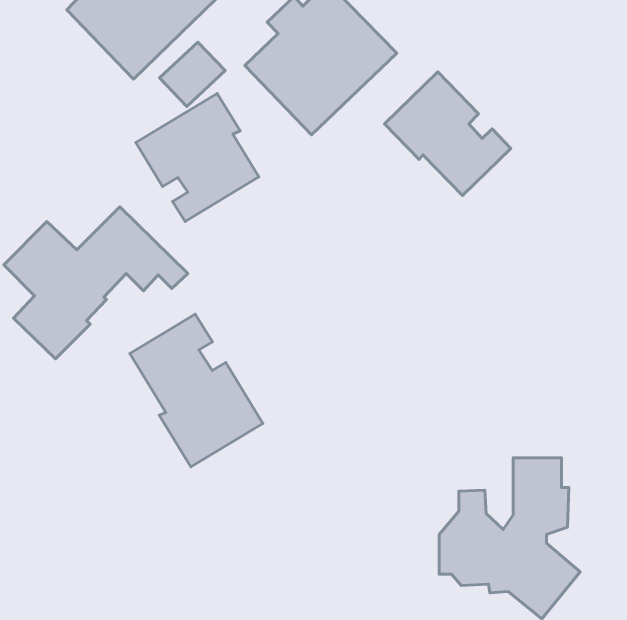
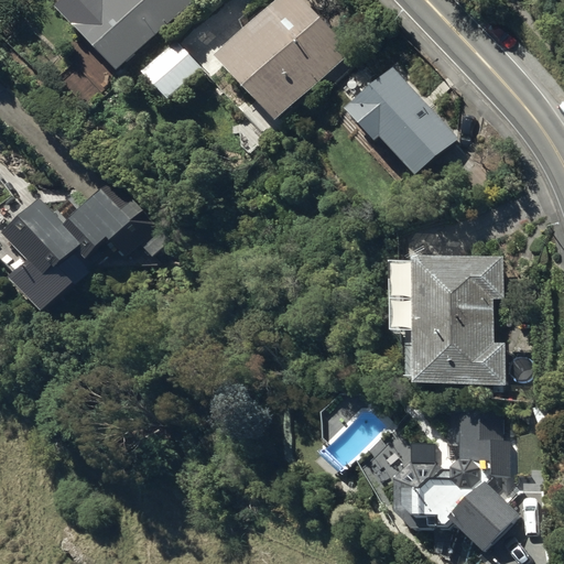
building: [136,93,259,221] -> none
building: none -> [391,252,503,390]
building: [130,314,263,467] -> none

